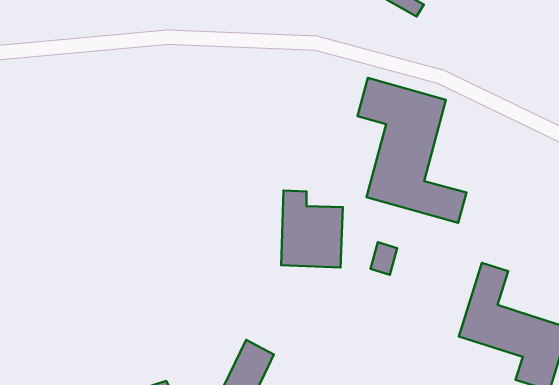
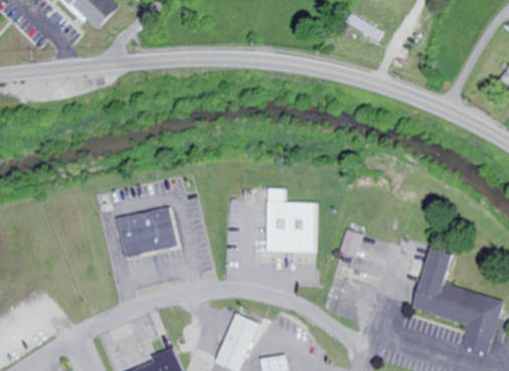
building: [357,78,466,223] -> none
building: none -> [119,205,180,265]

